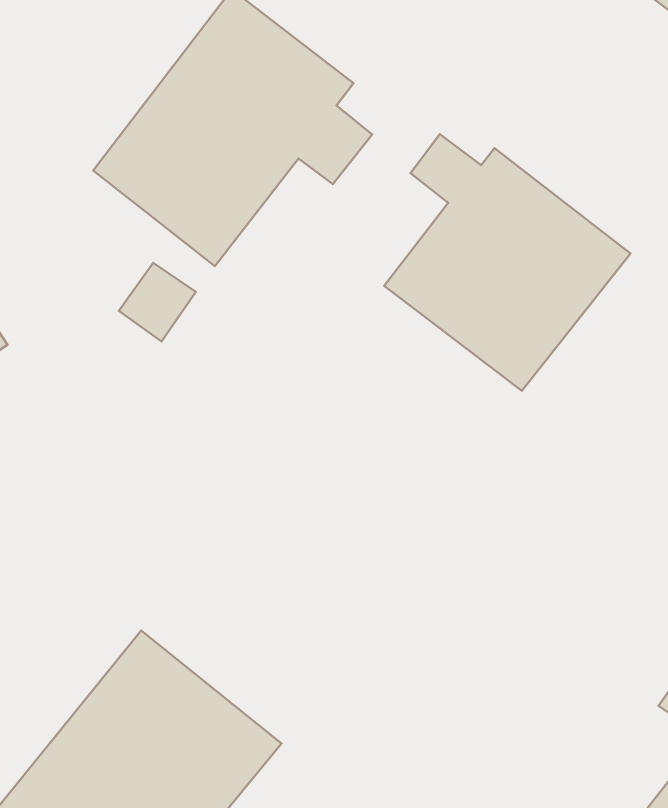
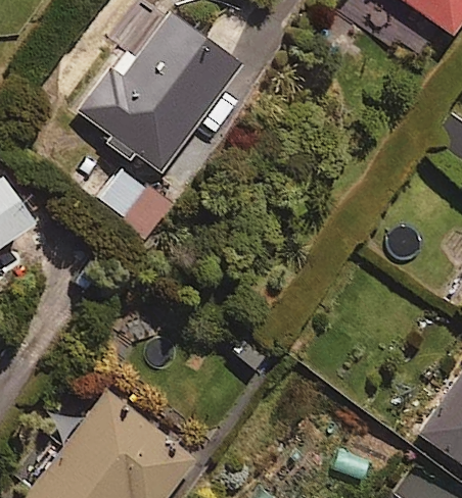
building: [384,134,630,391] -> none

